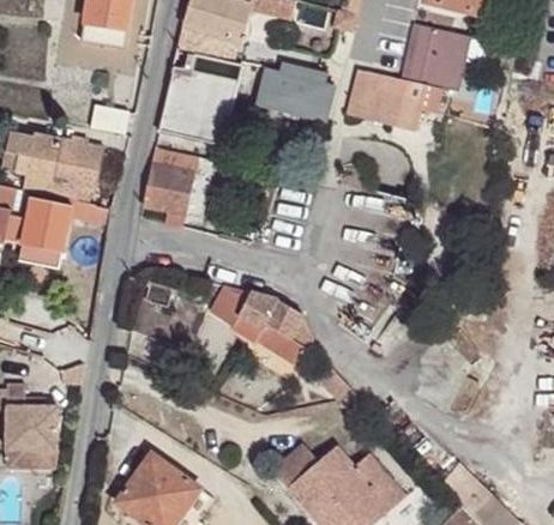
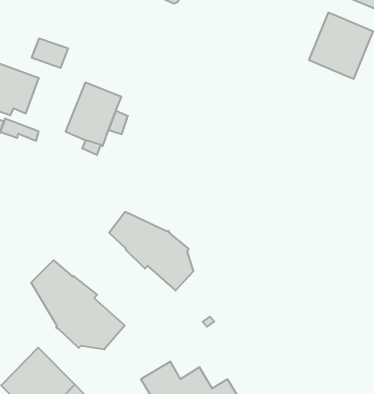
building: [159,53,239,141] -> none
building: [257,62,335,120] -> none
building: [347,68,441,129] -> none
building: none -> [31,260,125,350]

